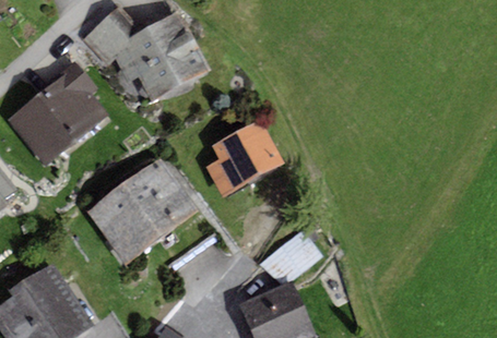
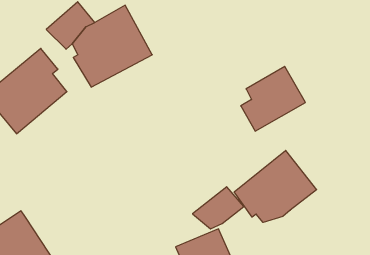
building: [204,118,283,196] -> [241,66,305,131]
building: [85,155,200,264] -> none
building: none -> [234,150,317,222]

